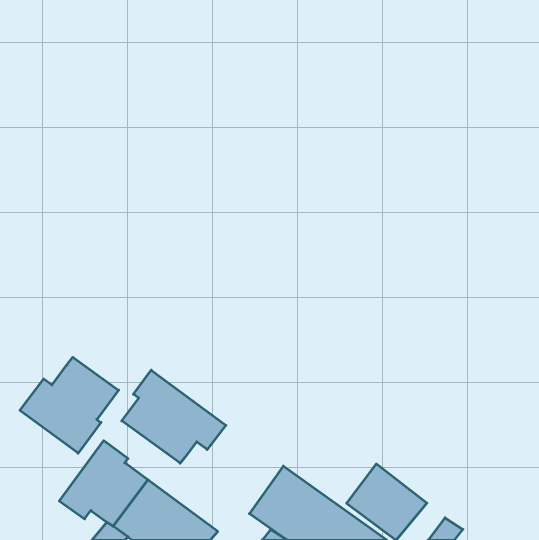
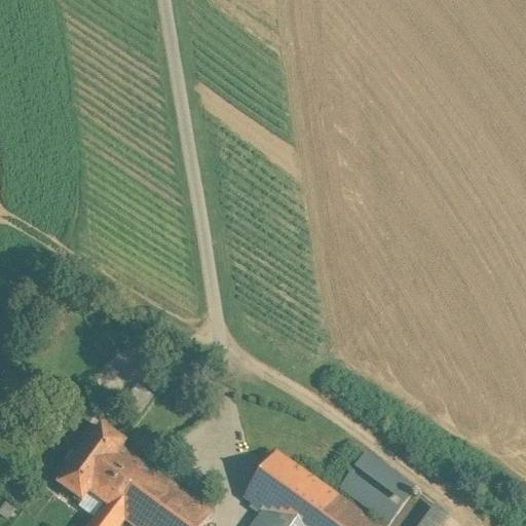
building: [20,357,119,453] -> none
building: [122,370,226,463] -> none

